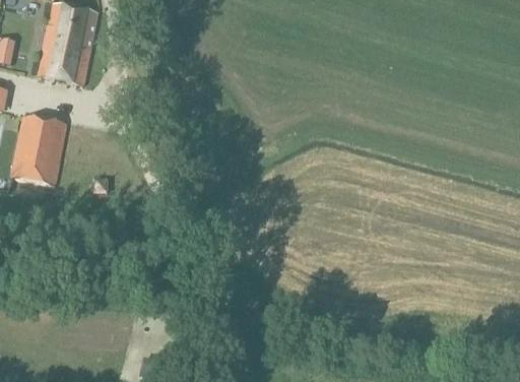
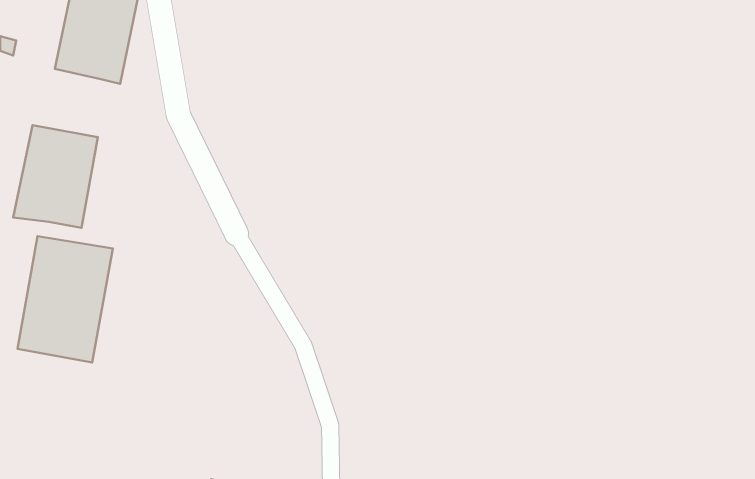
building: none -> [17,236,113,362]

